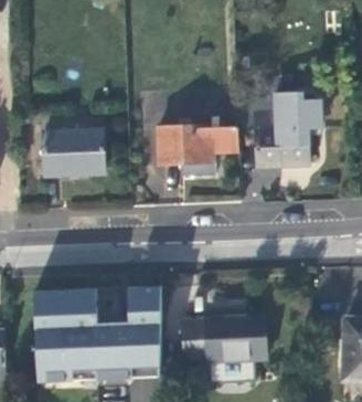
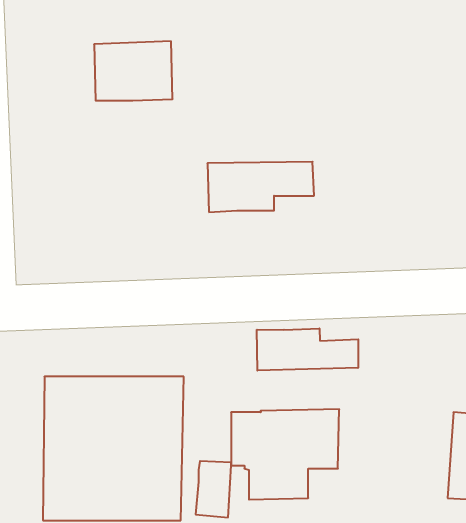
building: [239,93,319,167] -> none
building: [47,131,106,176] -> [94,41,173,101]
building: none -> [257,328,358,371]

